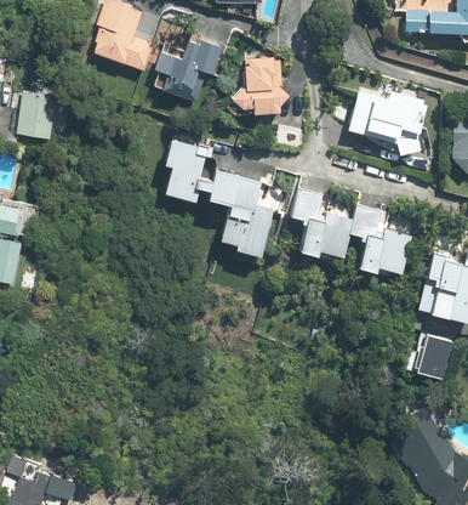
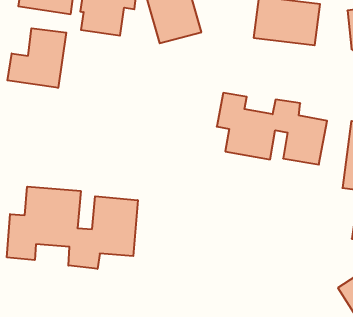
building: none -> [7,28,66,88]
building: [160,137,278,262] -> none
building: none -> [7,187,138,269]

